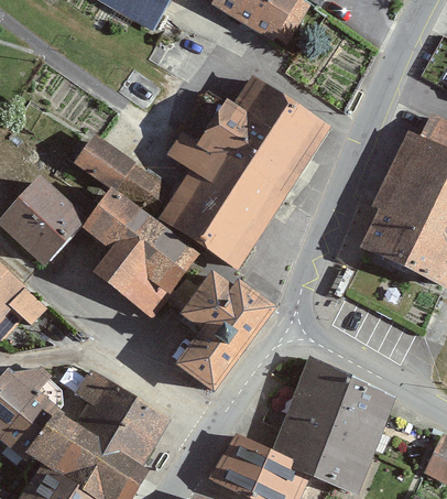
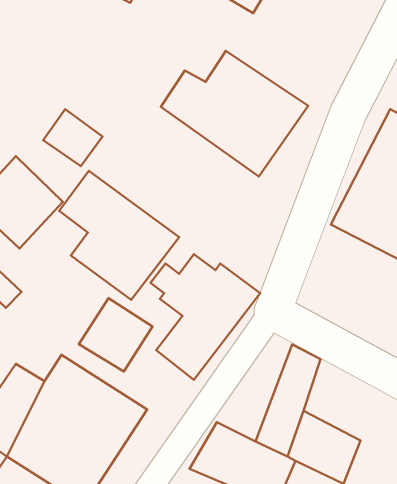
building: [154,129,277,269] -> none
building: none -> [79,298,153,371]
building: [320,372,395,451] -> none

